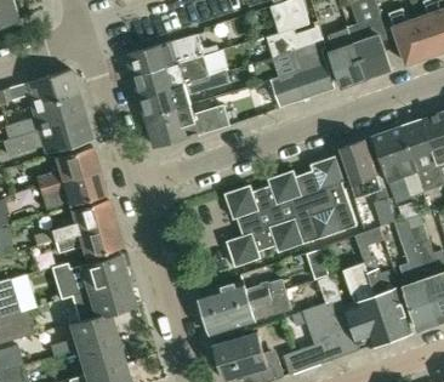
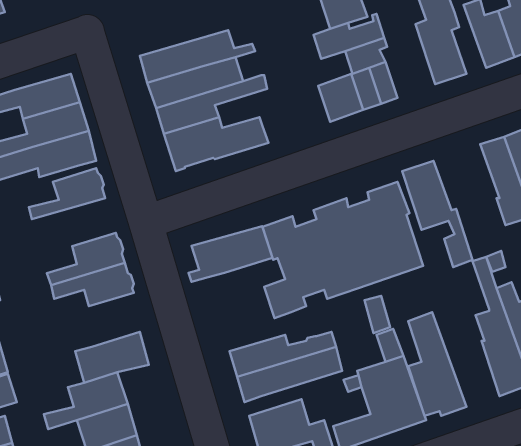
building: [328,30,365,87] -> none
building: [372,127,417,203] -> none
building: [39,171,106,212] -> none
building: [353,228,411,340] -> none
building: [58,253,126,298] -> [189,226,273,282]

